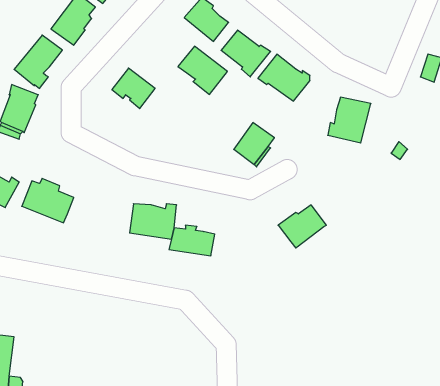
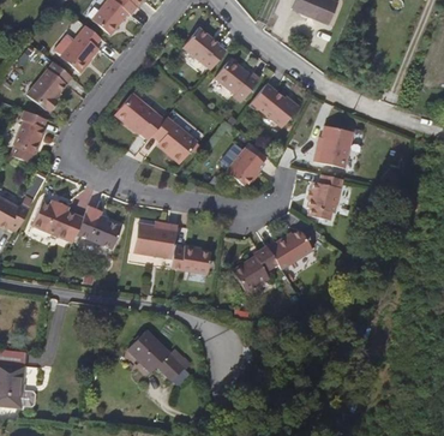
building: [178,46,227,94] -> [152,119,199,165]
building: none -> [314,174,350,221]
building: none -> [74,205,120,249]
building: none -> [240,244,286,292]
building: none -> [126,330,184,381]

